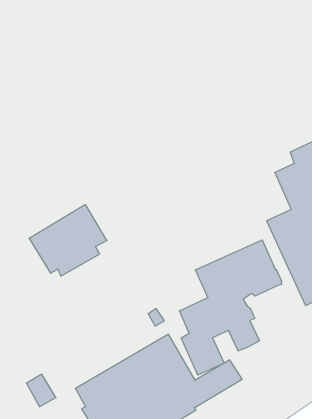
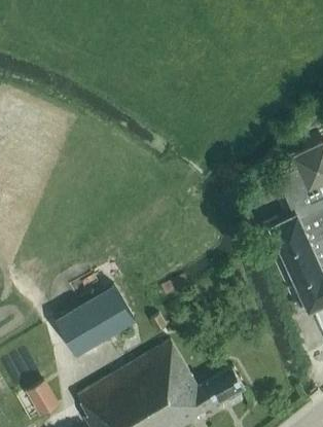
building: [29,205,107,276] -> [56,285,134,357]
building: [179,240,282,375] -> none

